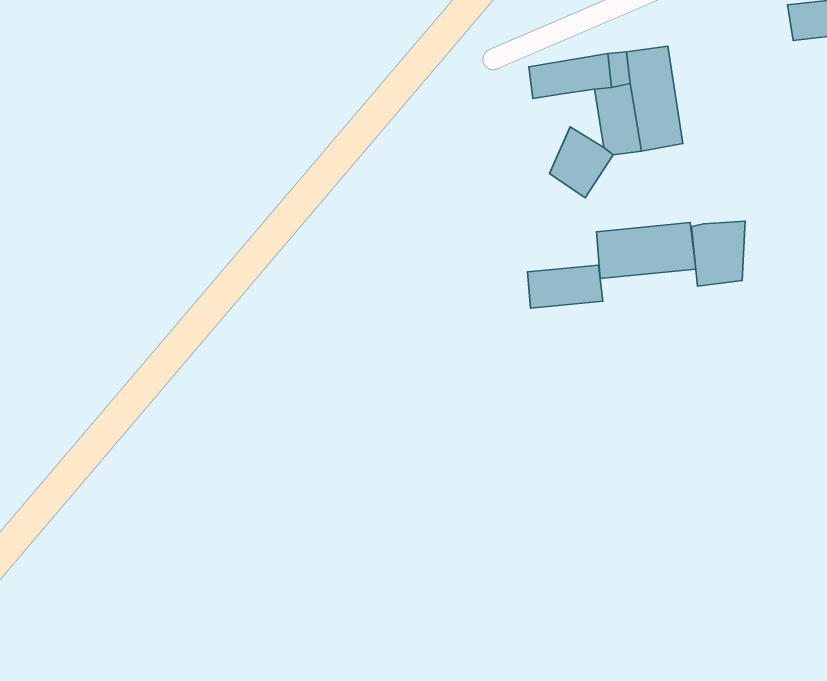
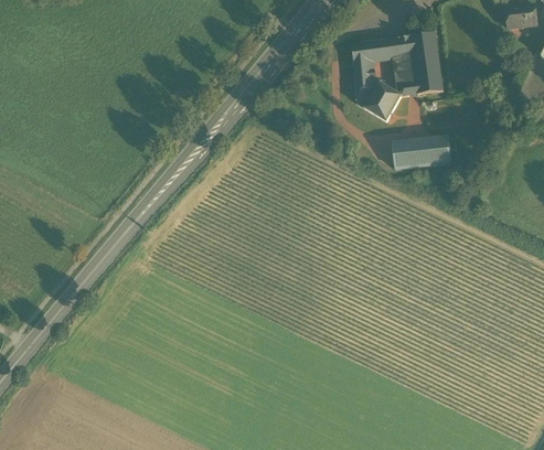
building: none -> [355,60,377,107]
building: [692,221,745,286] -> none
building: [528,265,603,308] -> none

